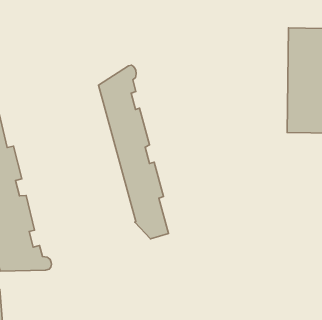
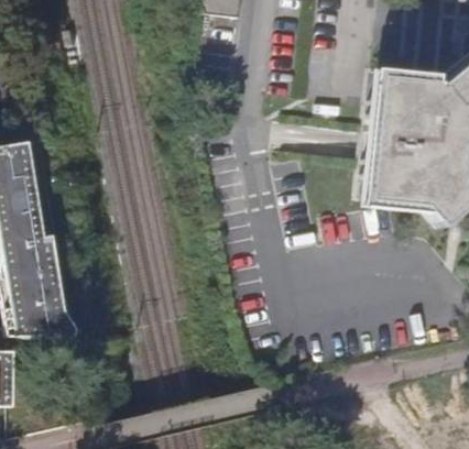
building: [99,65,169,239] -> none

